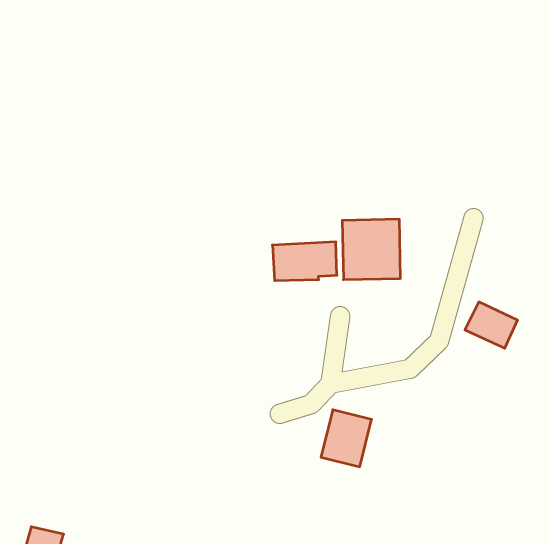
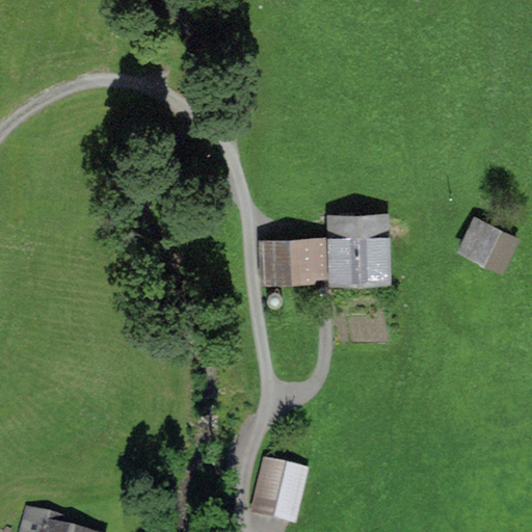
building: [465,302,518,348] -> [462,220,513,265]
building: [321,410,372,467] -> [256,462,304,517]

